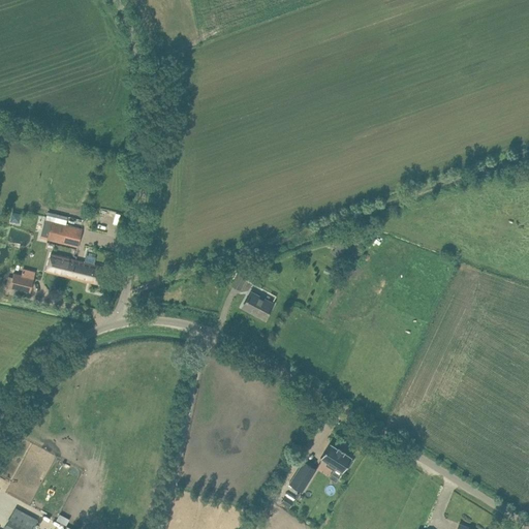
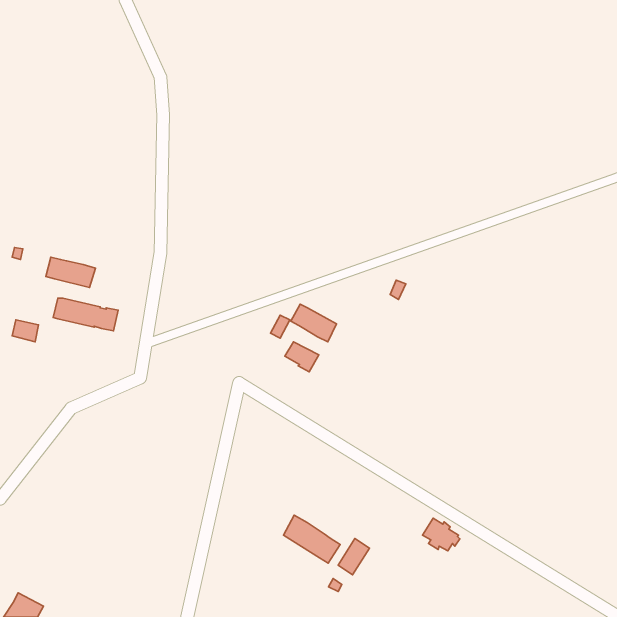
building: none -> [291,304,337,342]
building: none -> [283,515,340,563]
building: [320,443,352,471] -> [422,518,460,551]

